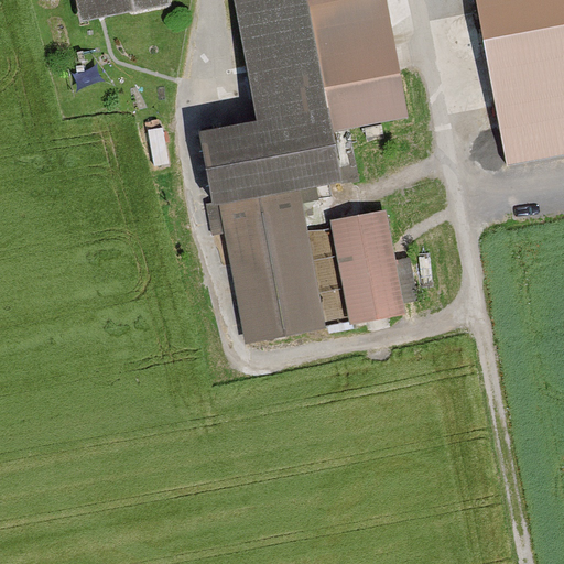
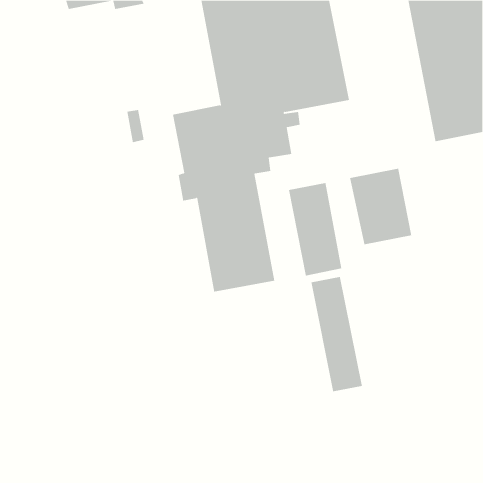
building: none -> [349,168,412,245]
building: none -> [311,276,363,392]

